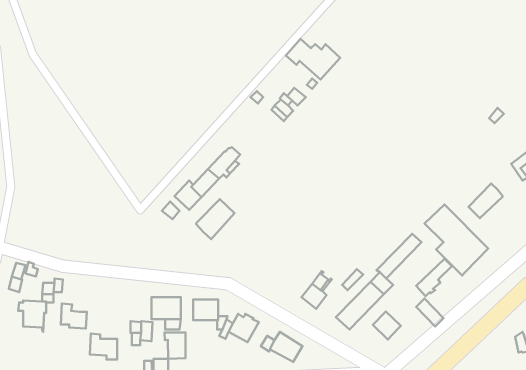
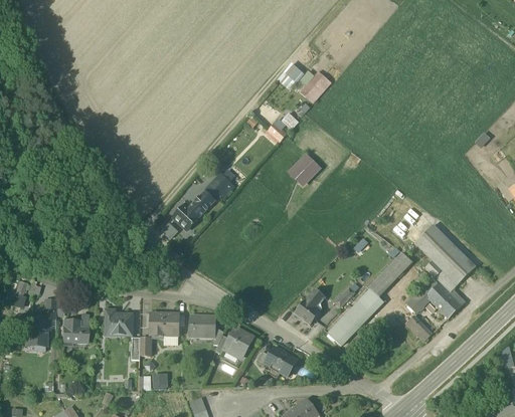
building: none -> [286,153,320,187]
building: [469,184,503,218] -> none
building: [196,199,235,239] -> none
building: none -> [426,283,465,318]
building: [373,312,401,339] -> none
building: [165,333,186,359] -> none
building: [90,334,117,360] -> [104,309,130,335]

